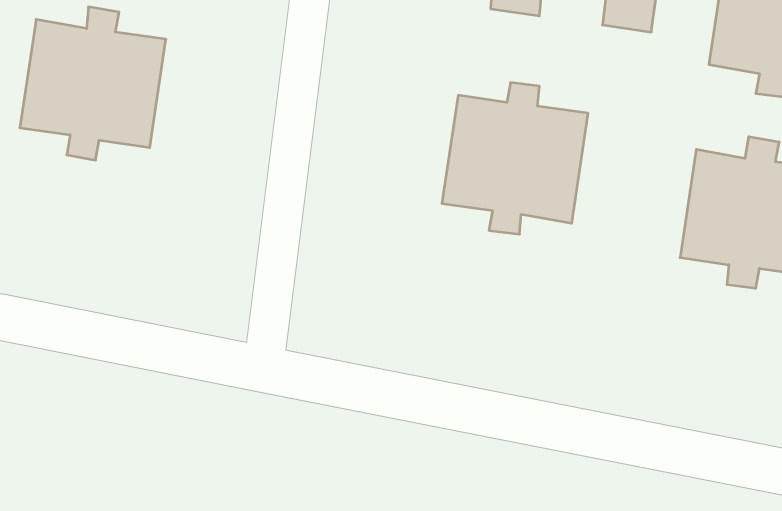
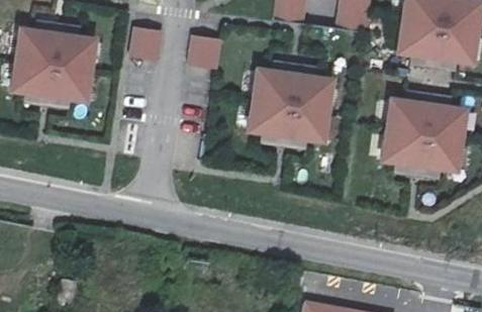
building: none -> [131,23,163,57]
building: none -> [189,31,220,65]

